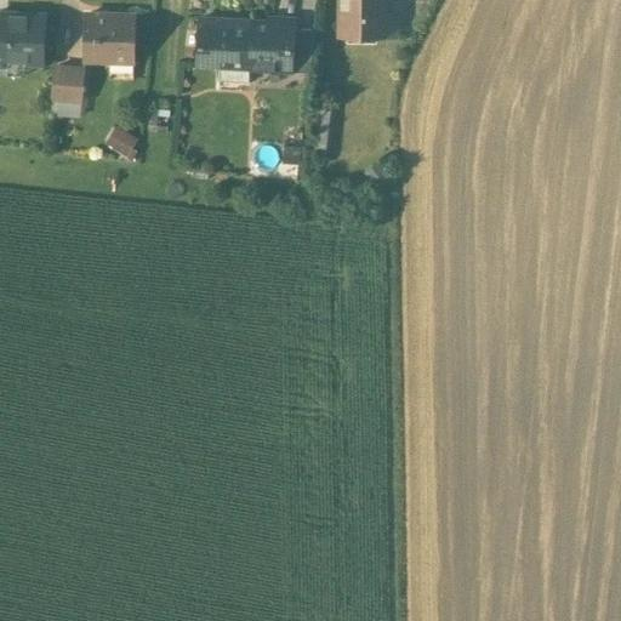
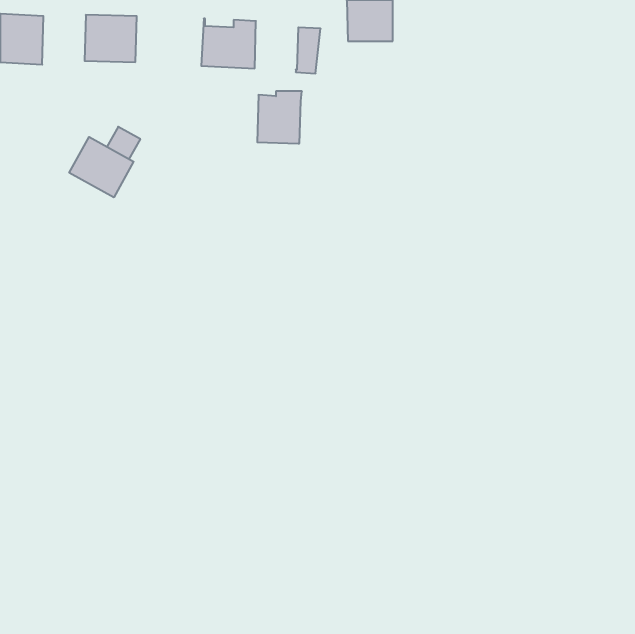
building: [249,18,292,69] -> [257,91,302,143]
building: [50,68,82,102] -> none
building: none -> [69,137,134,197]

